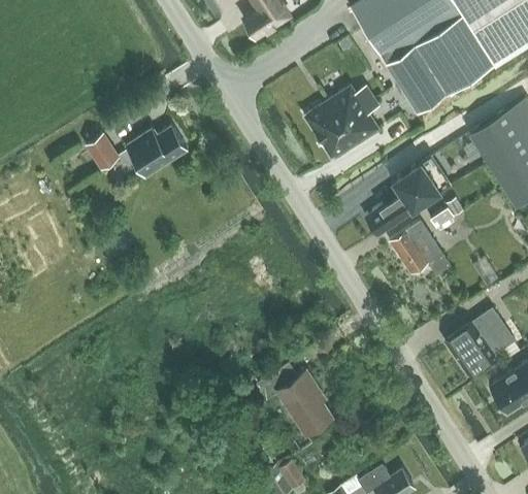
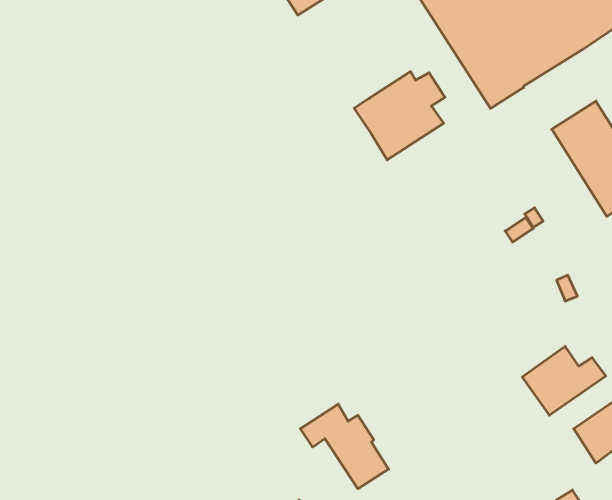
building: [127,125,188,176] -> none
building: [87,133,120,169] -> none
building: [365,162,441,235] -> none
building: [391,221,451,274] -> none

